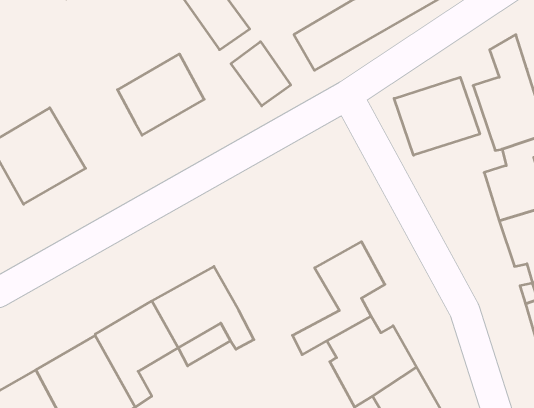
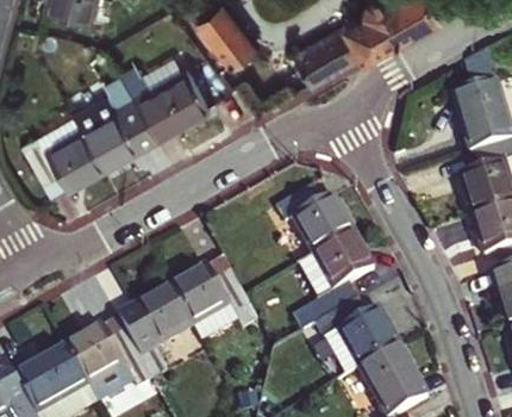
building: [231,42,291,106] -> none
building: none -> [82,75,156,168]
building: [394,77,480,155] -> none
building: none -> [275,186,351,254]

